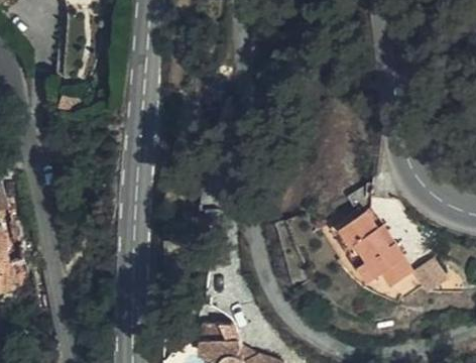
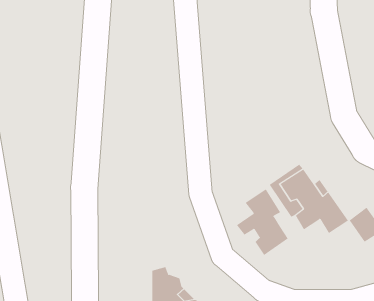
building: none -> [236,189,289,256]

